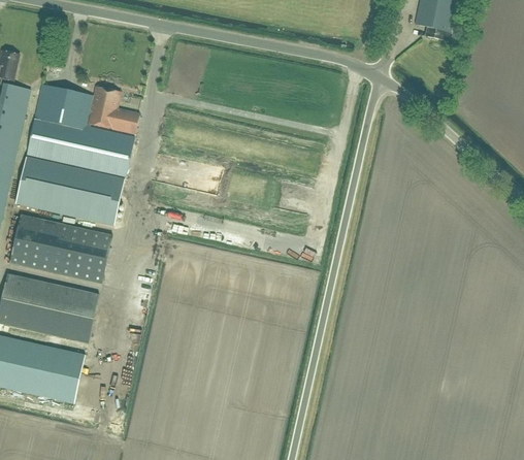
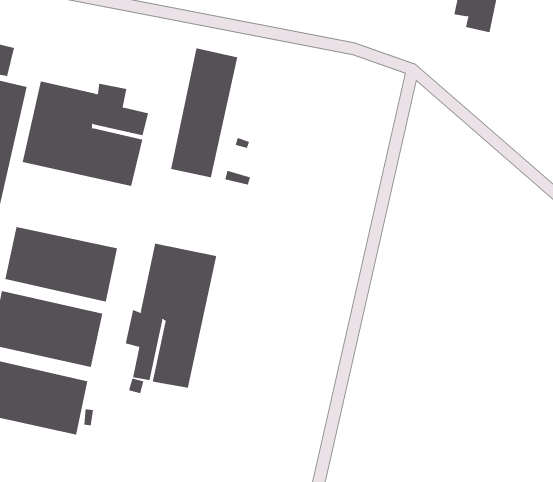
building: none -> [171,48,238,178]
building: [14,157,123,225] -> none
building: none -> [125,243,217,389]

